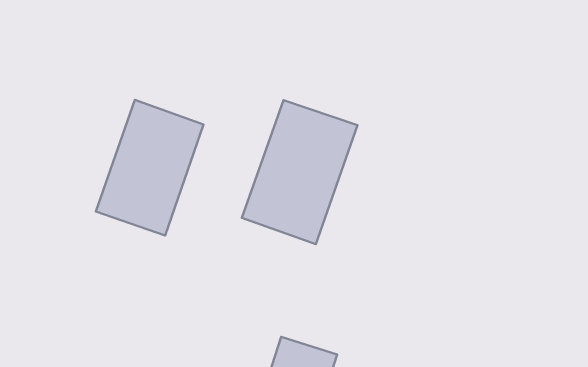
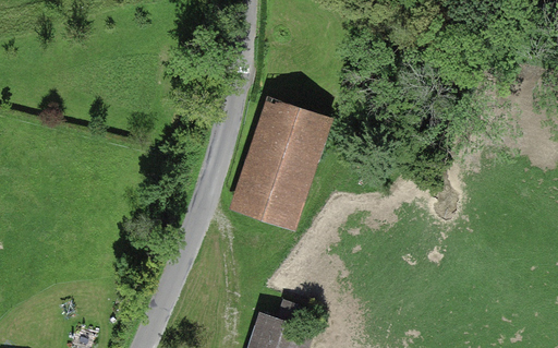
building: [96,100,203,235] -> none

